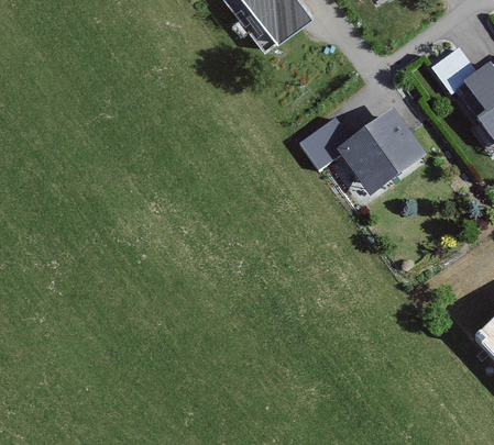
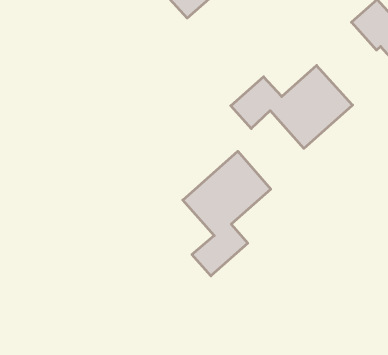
building: none -> [183,151,271,276]

